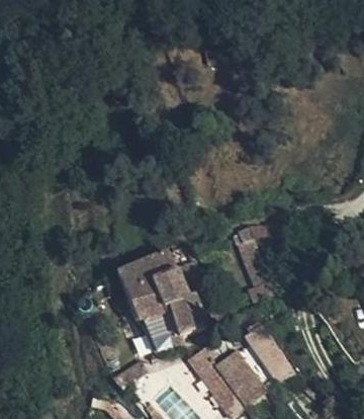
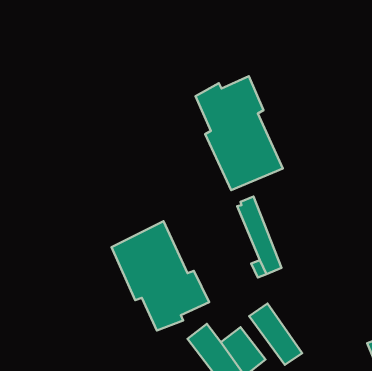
building: none -> [195,76,283,190]

